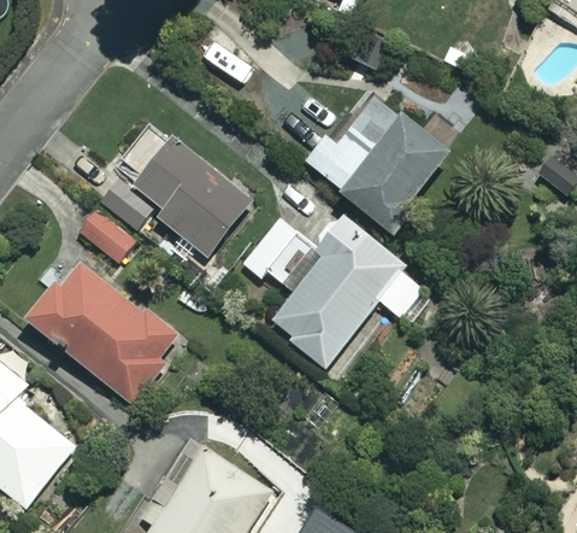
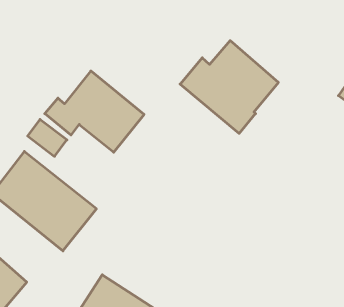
building: [264,213,436,368] -> none

